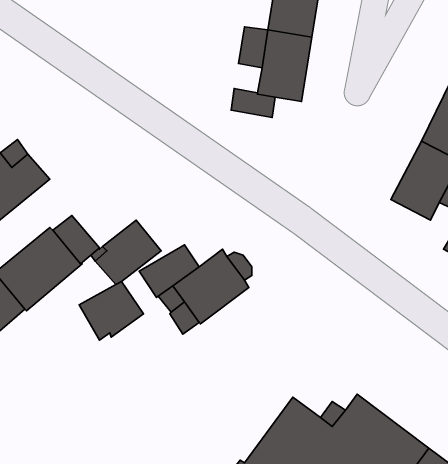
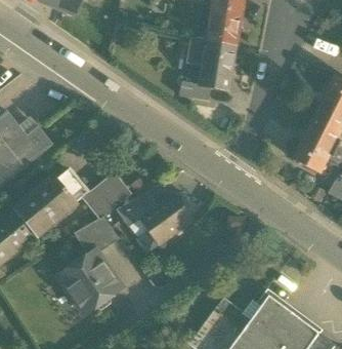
building: none -> [59,251,121,312]

